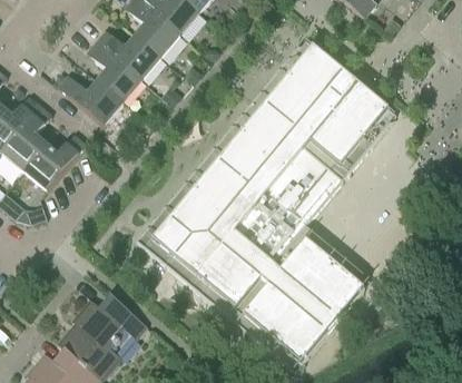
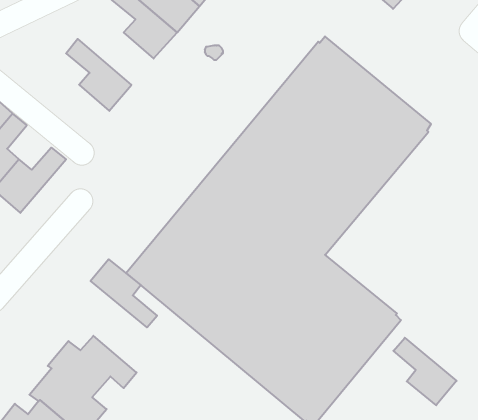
building: [96,30,160,80] -> none
building: [57,75,122,126] -> none
building: none -> [91,259,157,327]
building: none -> [393,338,457,405]

